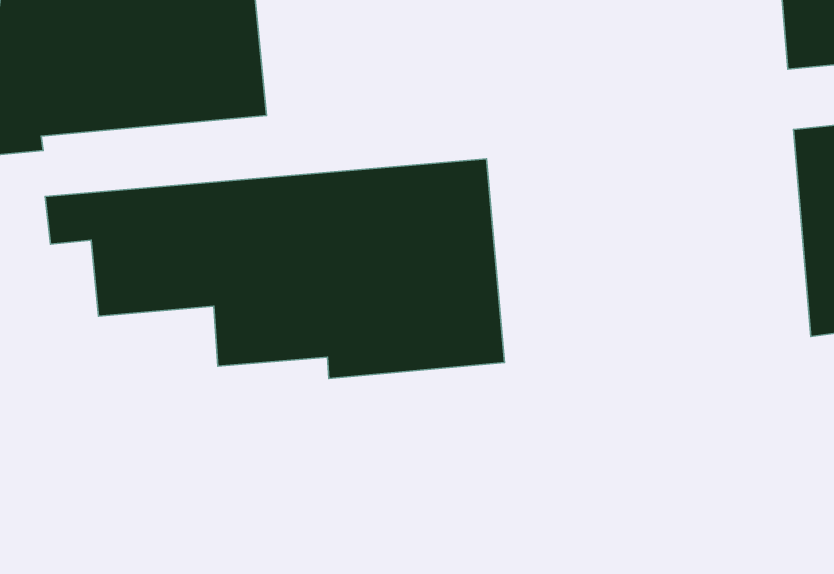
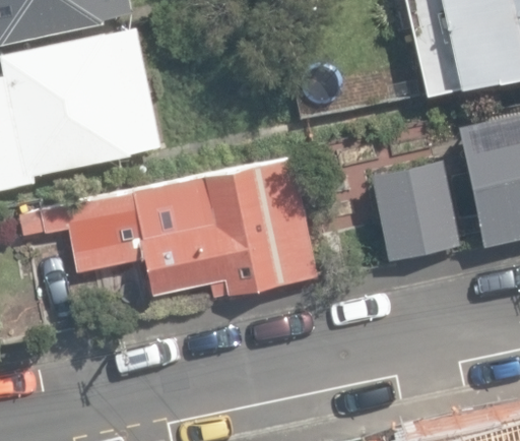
building: none -> [370,161,458,260]

